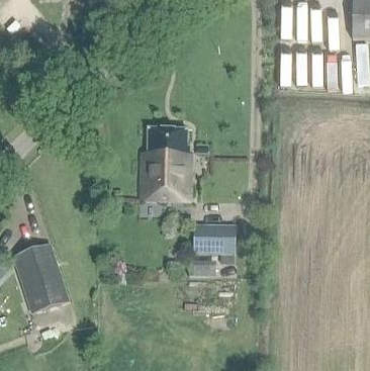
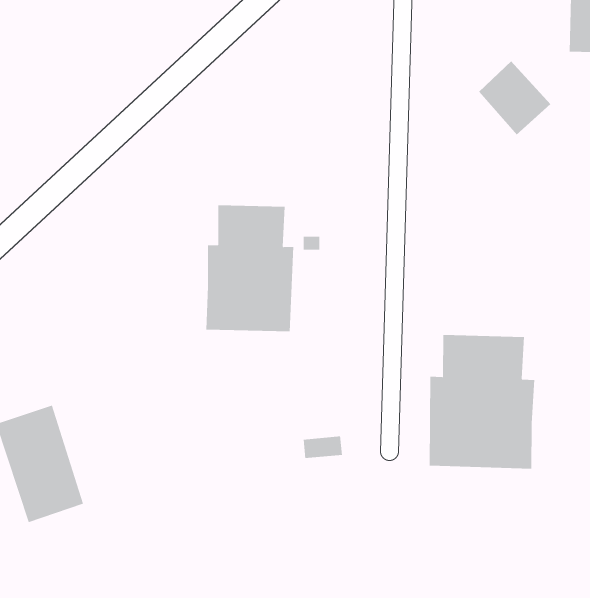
building: none -> [429,334,535,469]
building: [193,223,236,264] -> none

